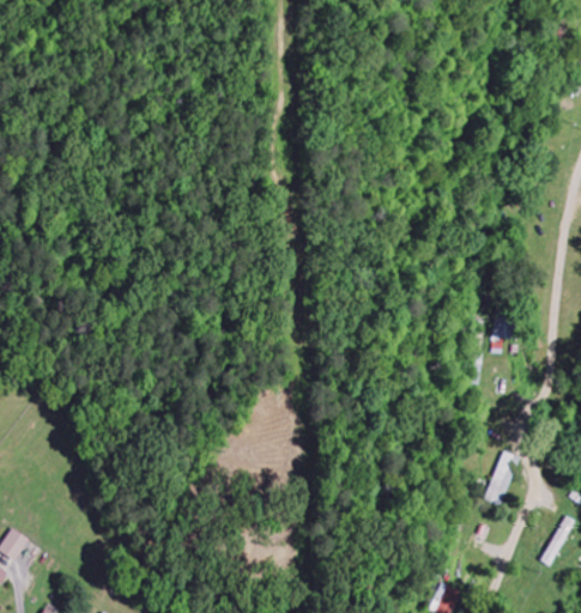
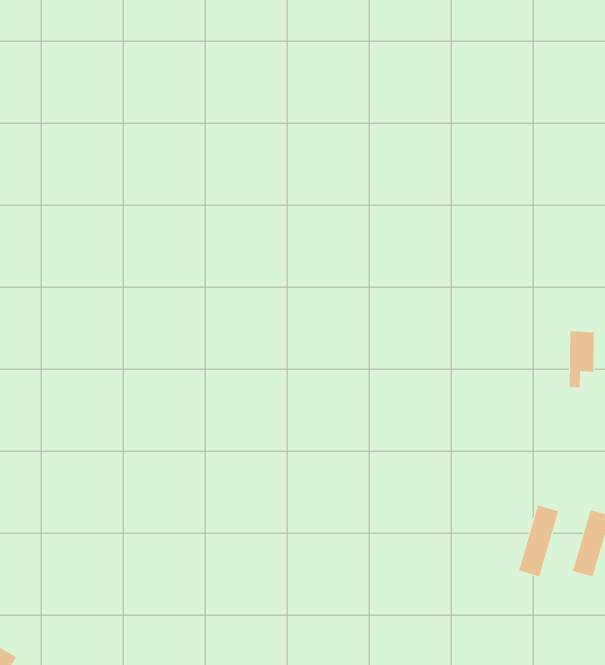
building: none -> [518,504,559,577]

